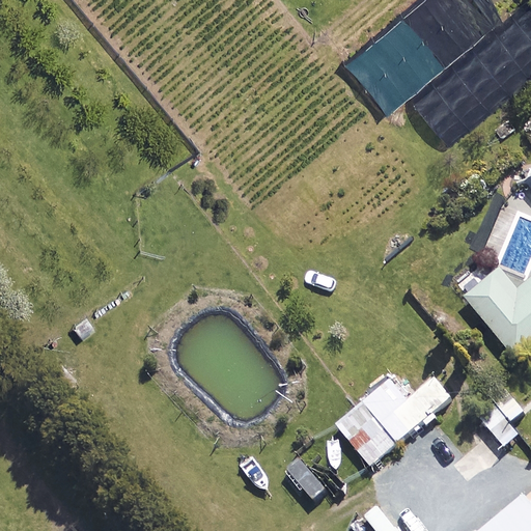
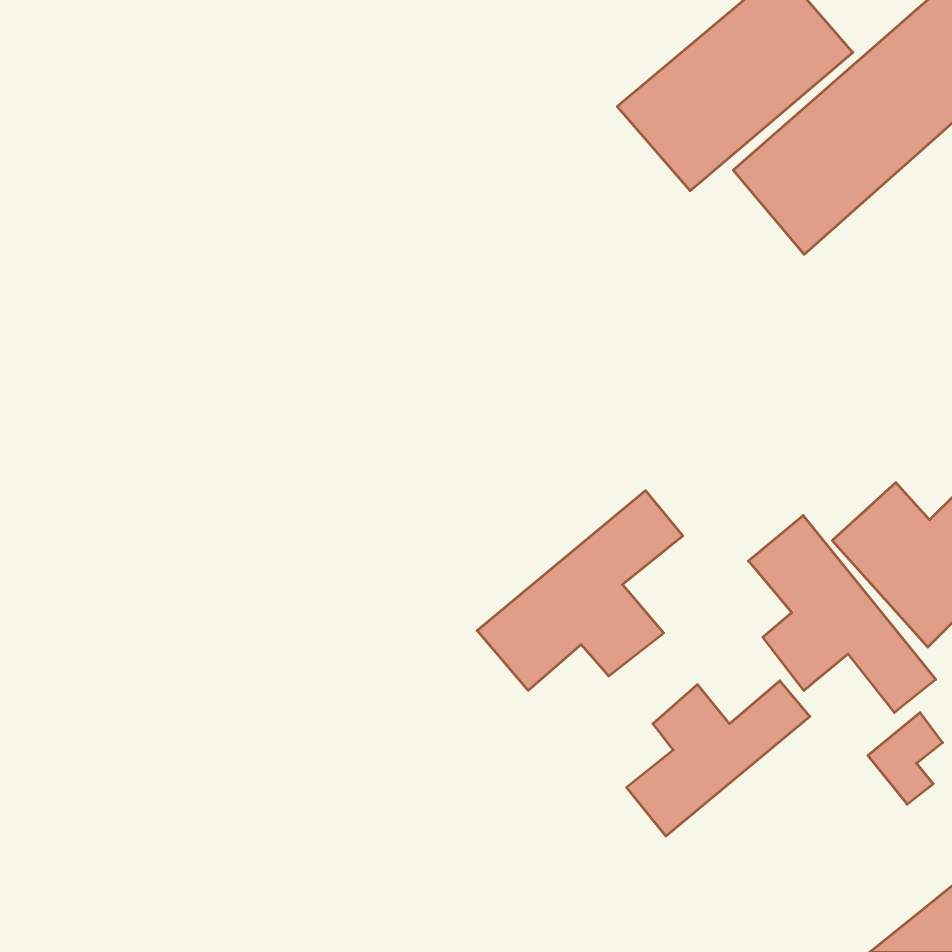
building: none -> [477,491,683,690]
building: none -> [748,515,936,713]

